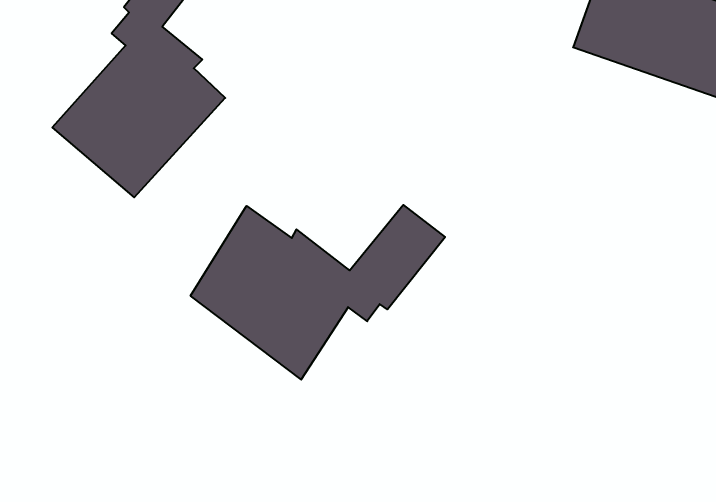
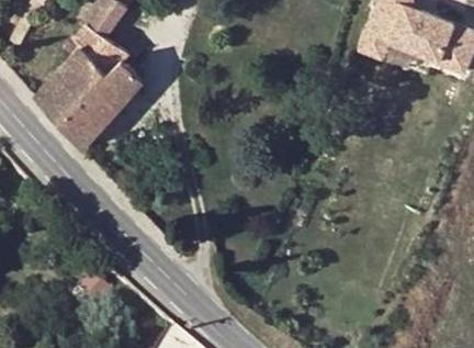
building: [191,205,445,380] -> none

